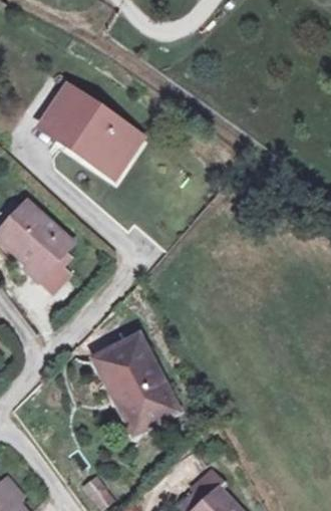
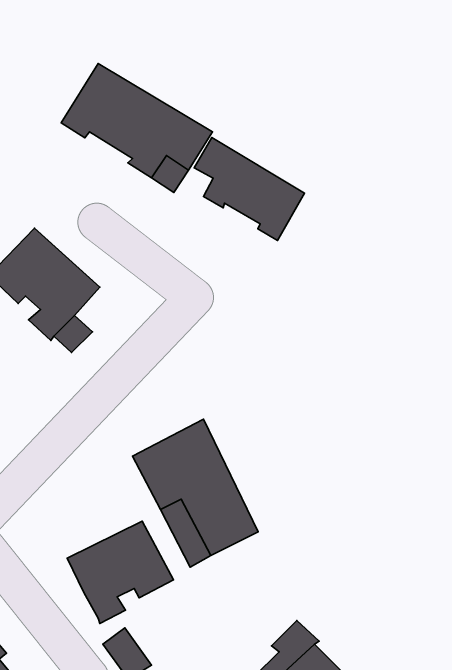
building: none -> [194,137,305,240]
building: none -> [67,521,173,623]

